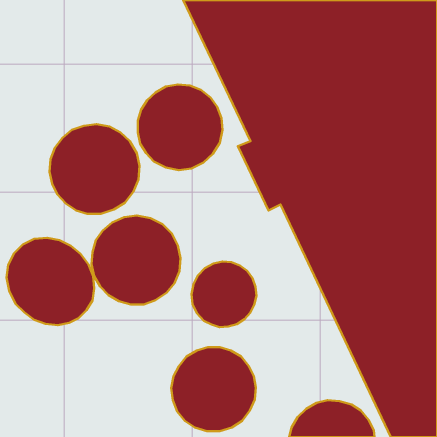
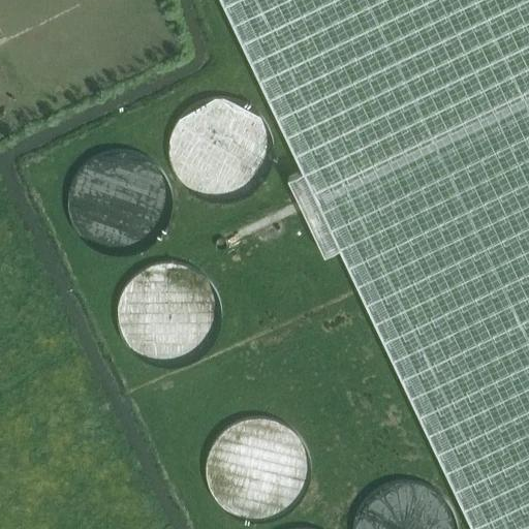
building: [6,238,94,325] -> none
building: [191,261,256,327] -> none

